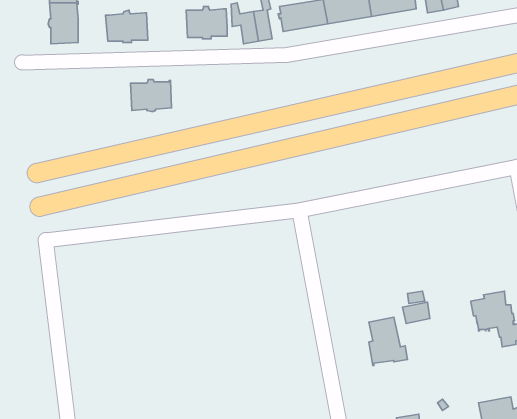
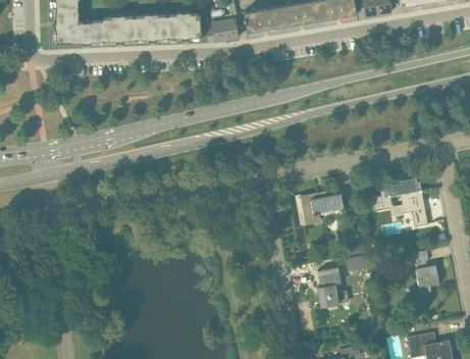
building: none -> [79,19,103,44]
building: [131,79,172,112] -> [135,14,168,41]
building: none -> [365,174,427,227]
building: none -> [300,193,344,225]

